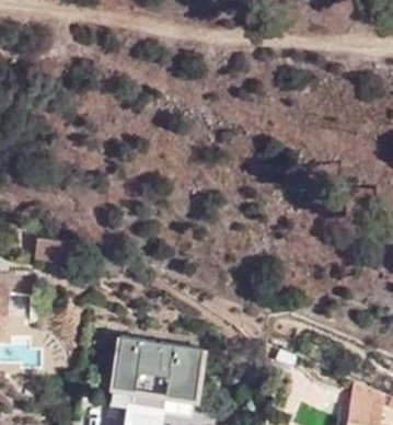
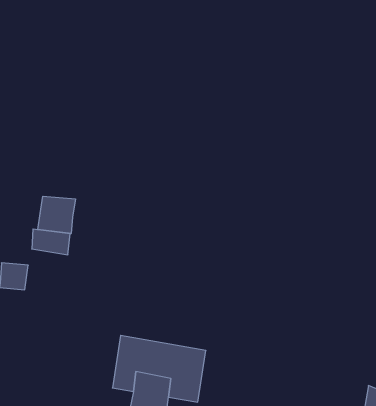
building: none -> [38,196,75,234]

